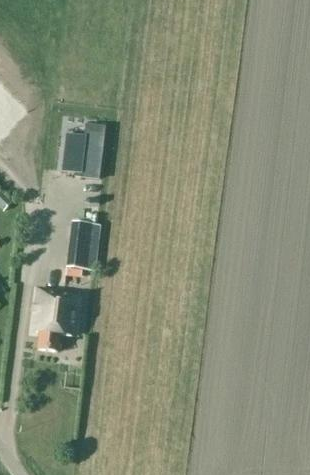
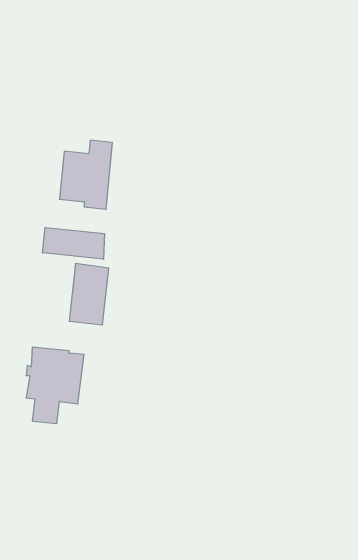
building: none -> [42,227,105,259]

